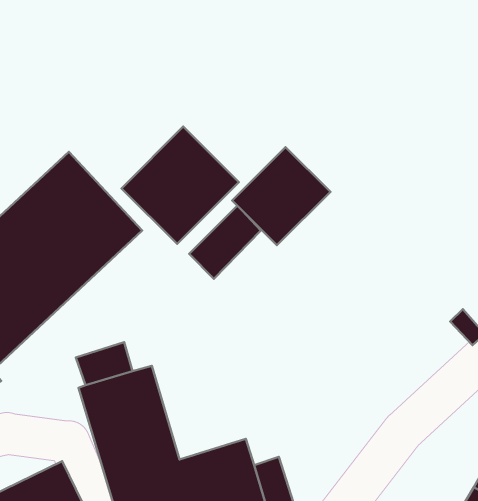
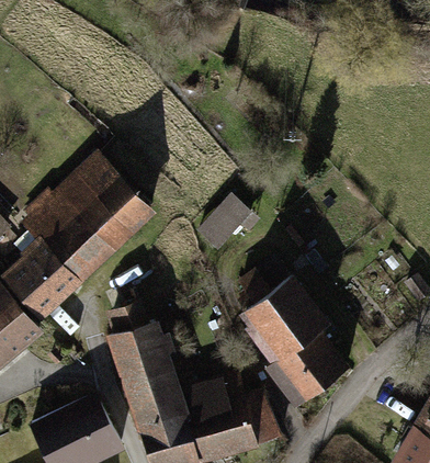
building: [122,127,239,244] -> none
building: [232,147,330,245] -> none
building: none -> [241,272,351,410]

